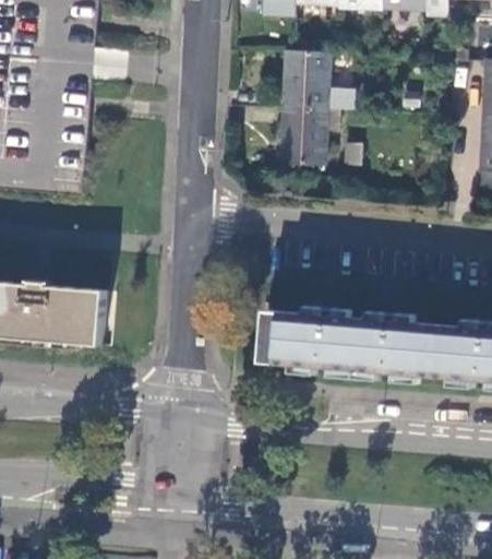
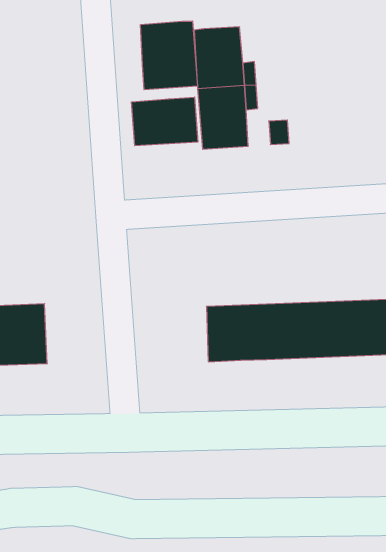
building: none -> [141,21,198,90]
building: none -> [132,97,198,146]

